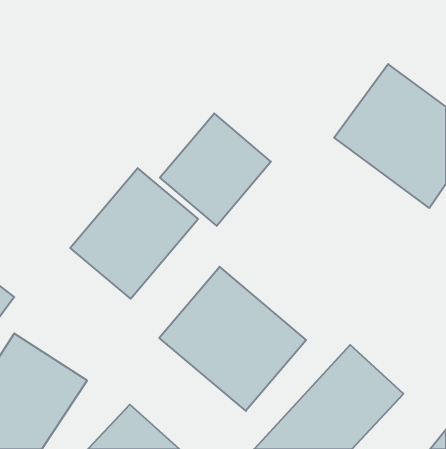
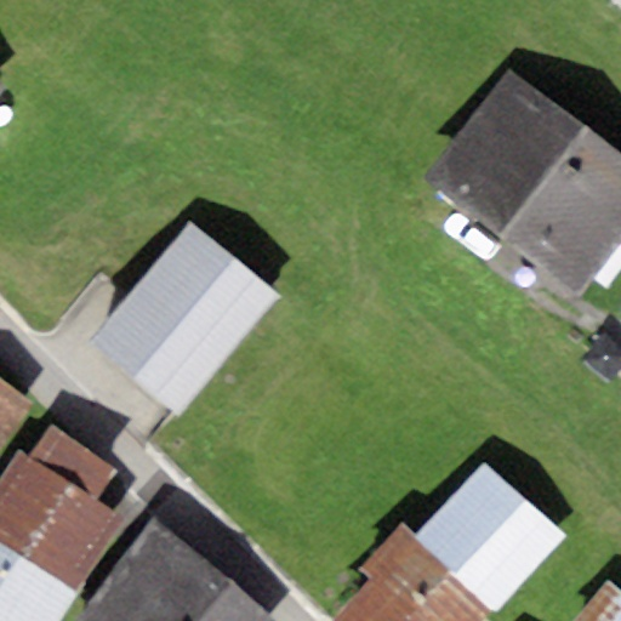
building: [160,113,271,226] -> none
building: [159,267,306,411] -> none

